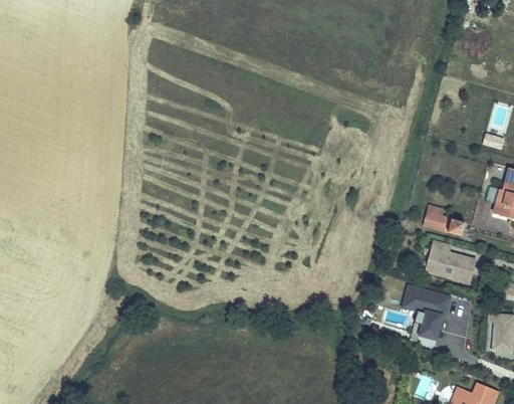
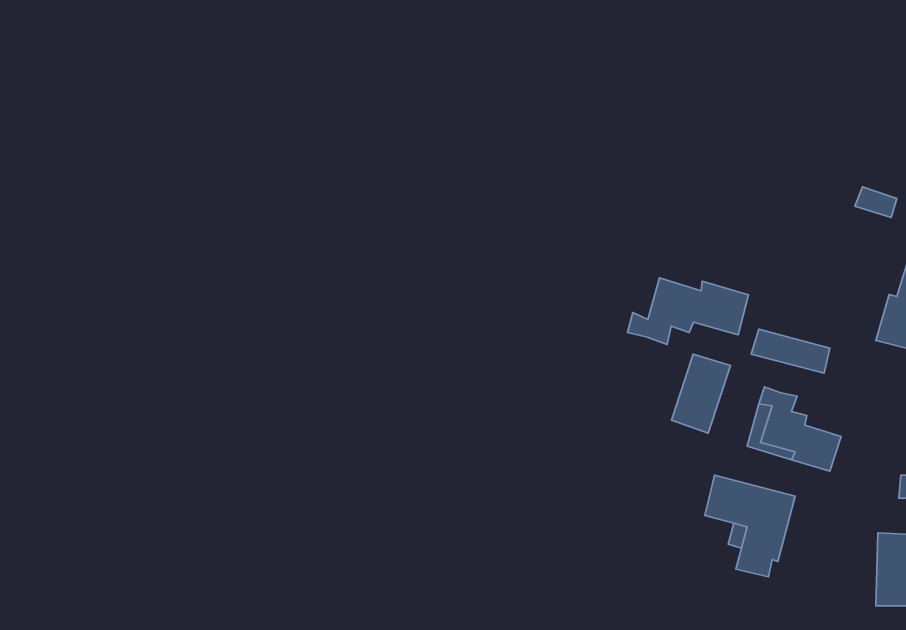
building: none -> [628,278,749,344]
building: none -> [671,354,731,433]

